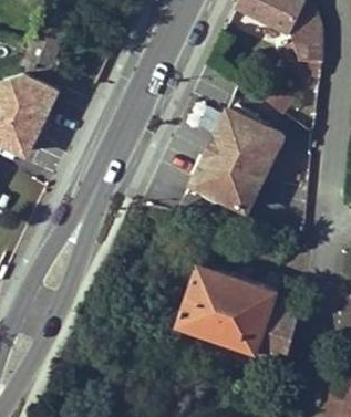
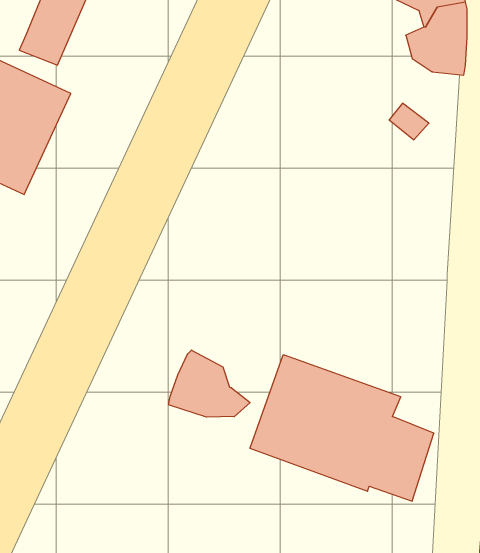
building: [198,117,287,217] -> none
building: none -> [169,350,250,417]

